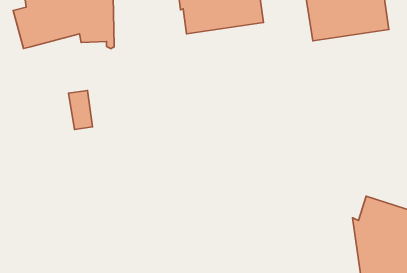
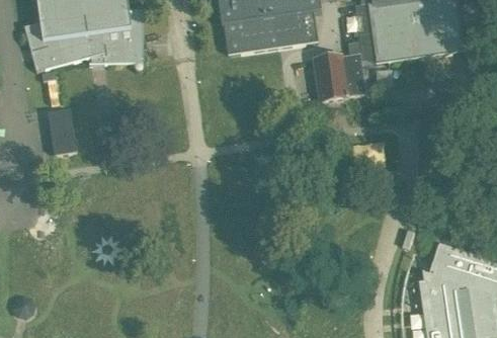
building: none -> [314,52,365,99]
building: [68,91,93,129] -> [48,108,76,154]

